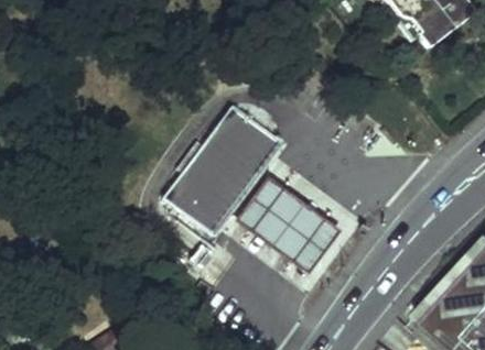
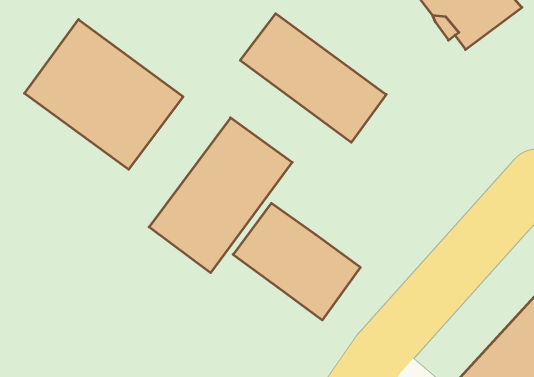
building: none -> [240,14,386,142]
building: none -> [24,19,183,169]

